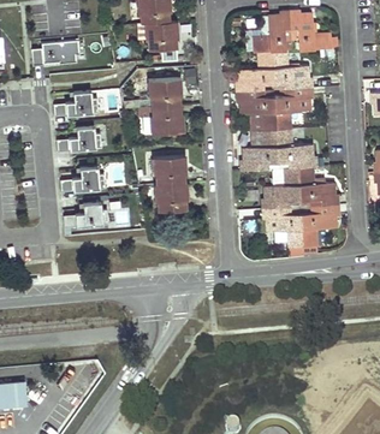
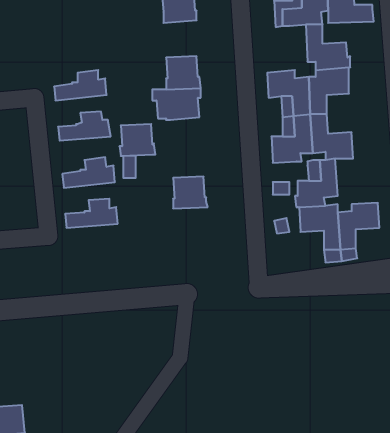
building: [31,41,81,67] -> none
building: [239,52,274,94] -> none
building: [155,157,186,185] -> [119,124,155,156]
building: [298,168,336,208] -> none

